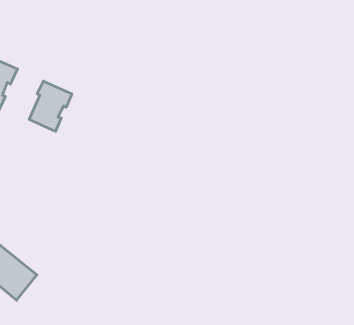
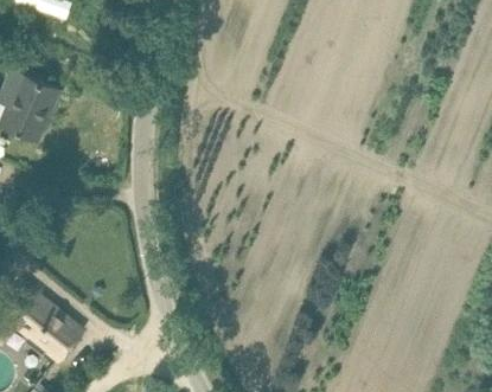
building: [29,81,72,131] -> none

